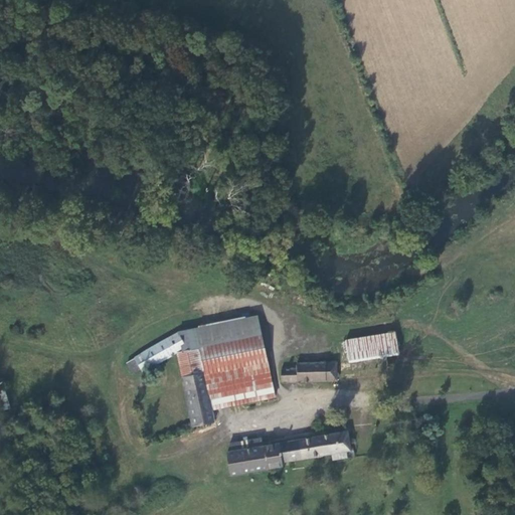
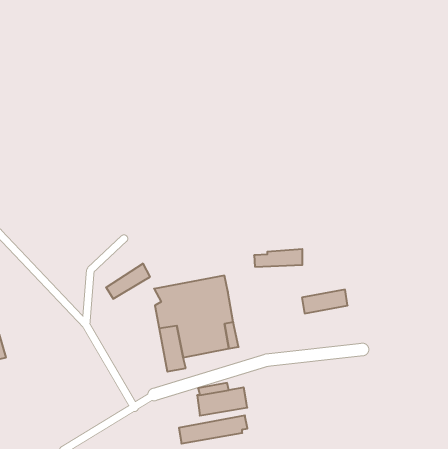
building: [134,331,184,371] -> [106,264,150,299]
building: [281,361,336,381] -> [254,249,302,267]
building: [279,430,357,462] -> [179,415,247,444]

